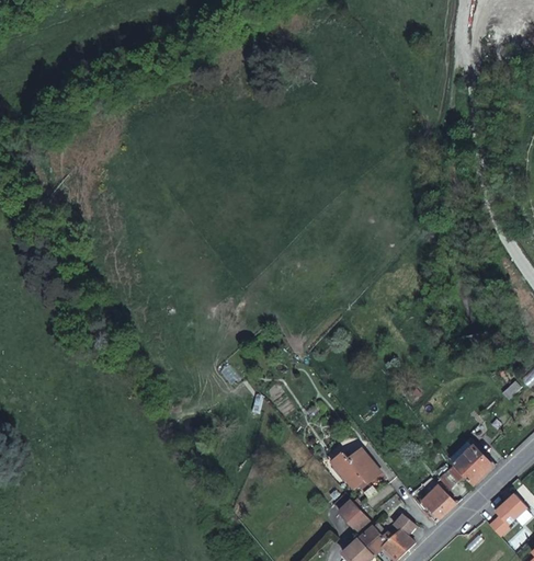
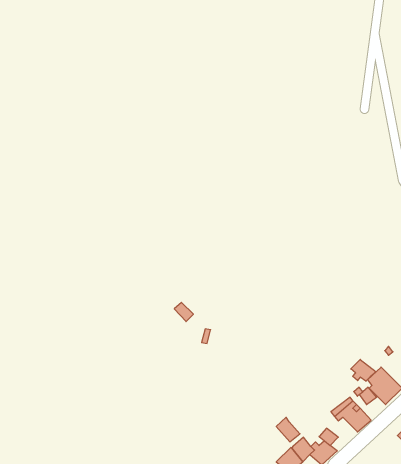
building: none -> [351,359,376,381]
building: [333,453,380,490] -> none

